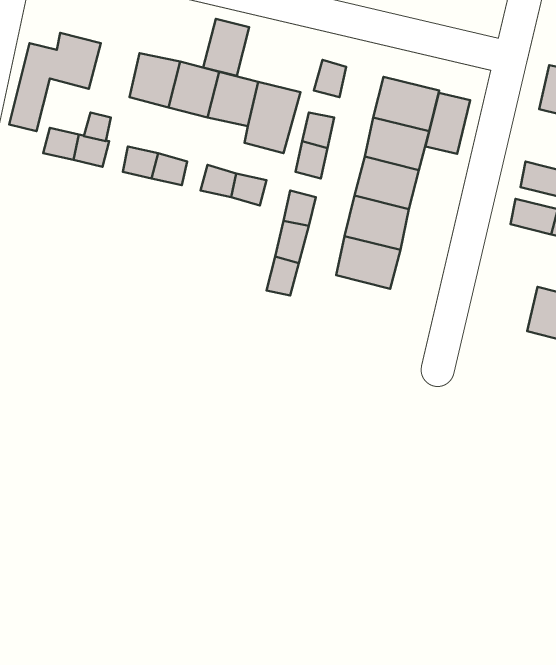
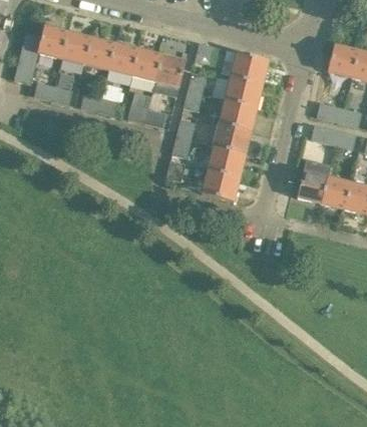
building: [203,19,249,76] -> none
building: none -> [60,31,90,63]
building: [426,93,470,154] -> none
building: none -> [201,168,239,200]
building: none -> [296,169,326,201]

